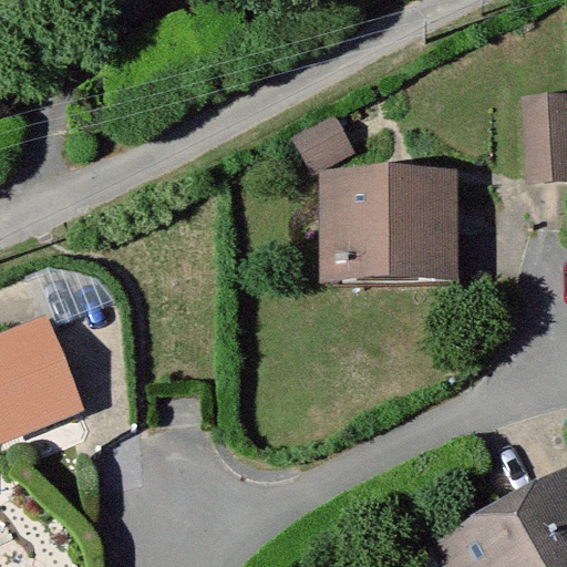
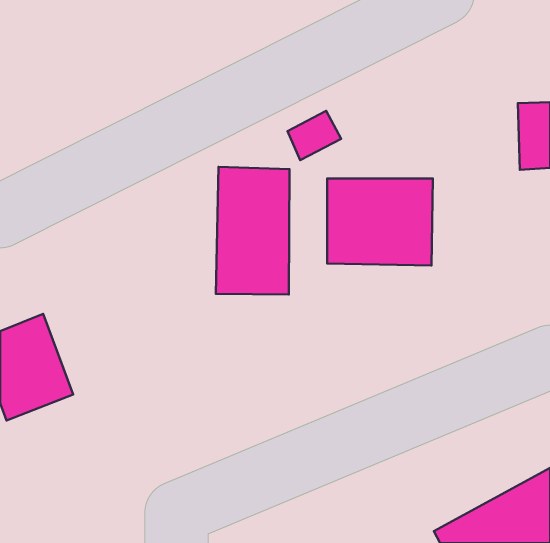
building: none -> [216,167,290,295]

